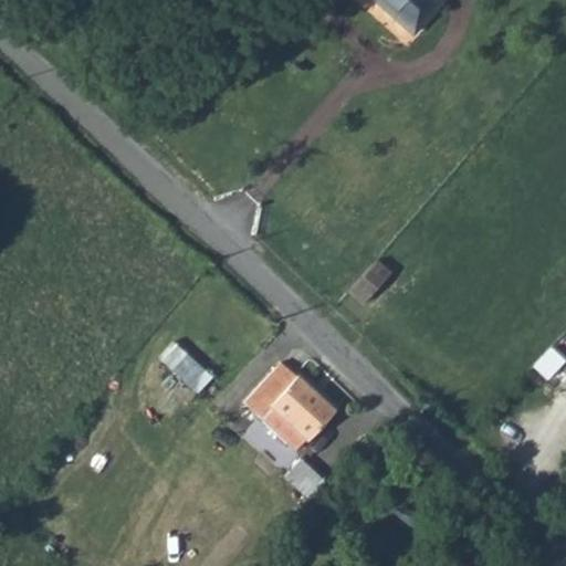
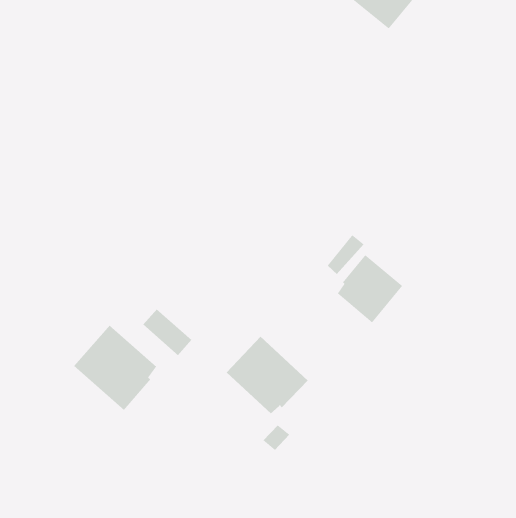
building: none -> [337,254,403,323]
building: none -> [73,324,157,411]

